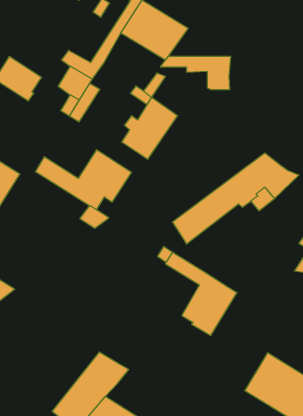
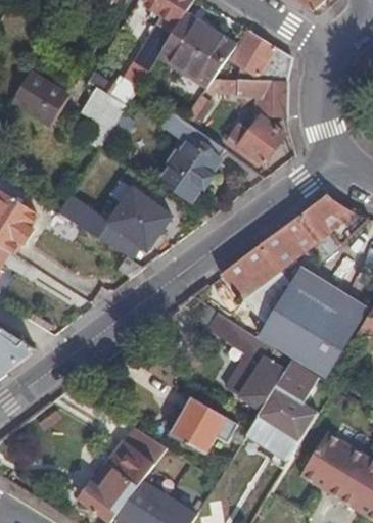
building: none -> [213,31,292,80]
building: none -> [228,116,284,162]
building: none -> [262,279,361,372]
building: none -> [247,356,321,458]
building: none -> [171,395,237,449]

